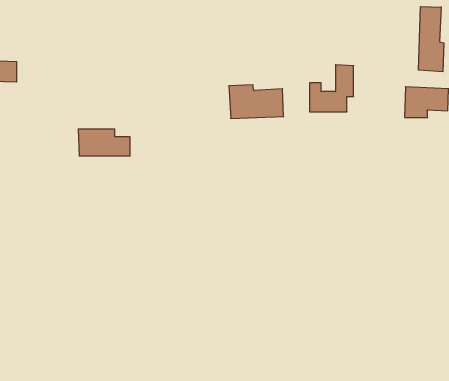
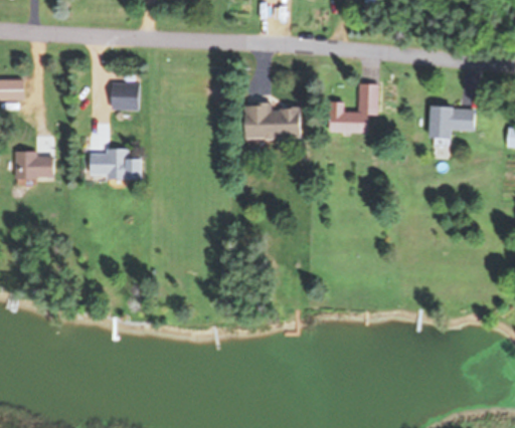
building: [418,7,444,72] -> none
building: none -> [109,79,139,110]
building: none -> [12,152,53,178]

